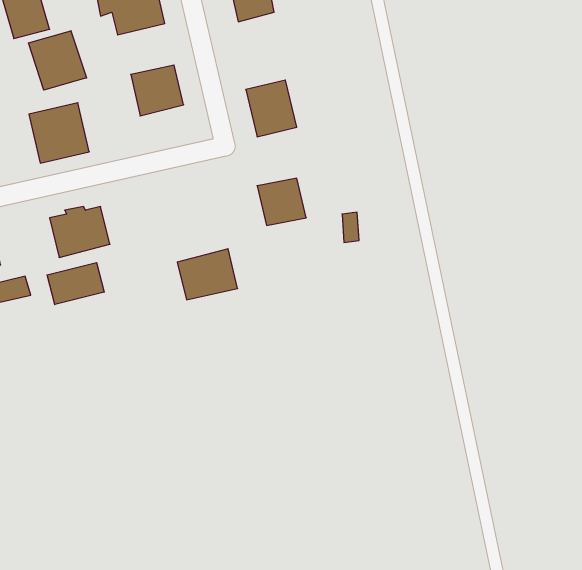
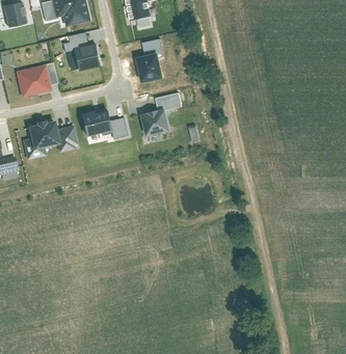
building: [28,31,87,90] -> none
building: [177,249,238,300] -> [81,108,114,136]
building: [47,263,104,305] -> none

